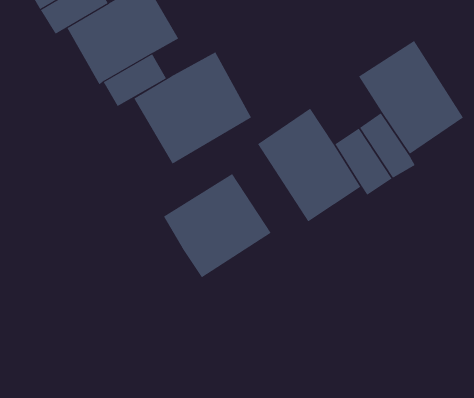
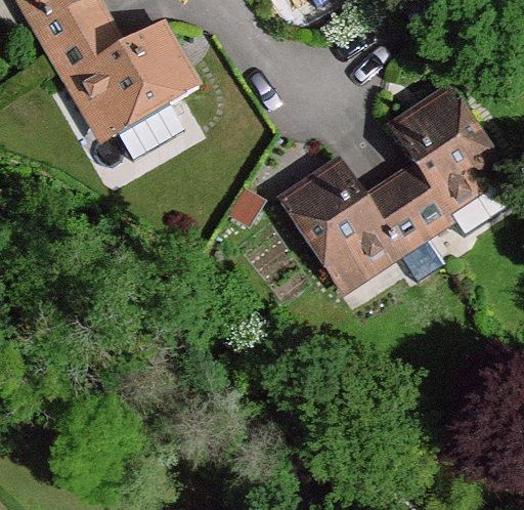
building: [134,52,252,164] -> none
building: [163,173,271,278] -> none

